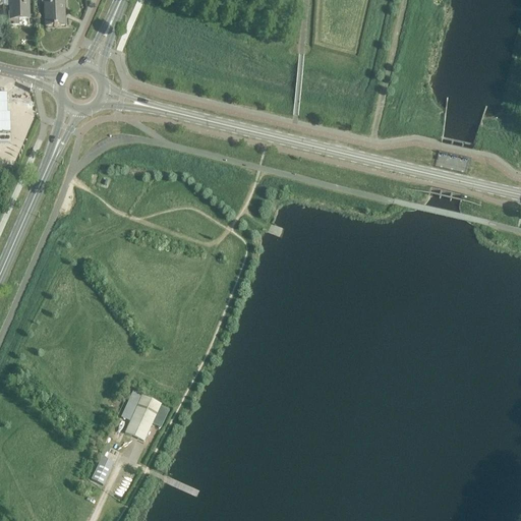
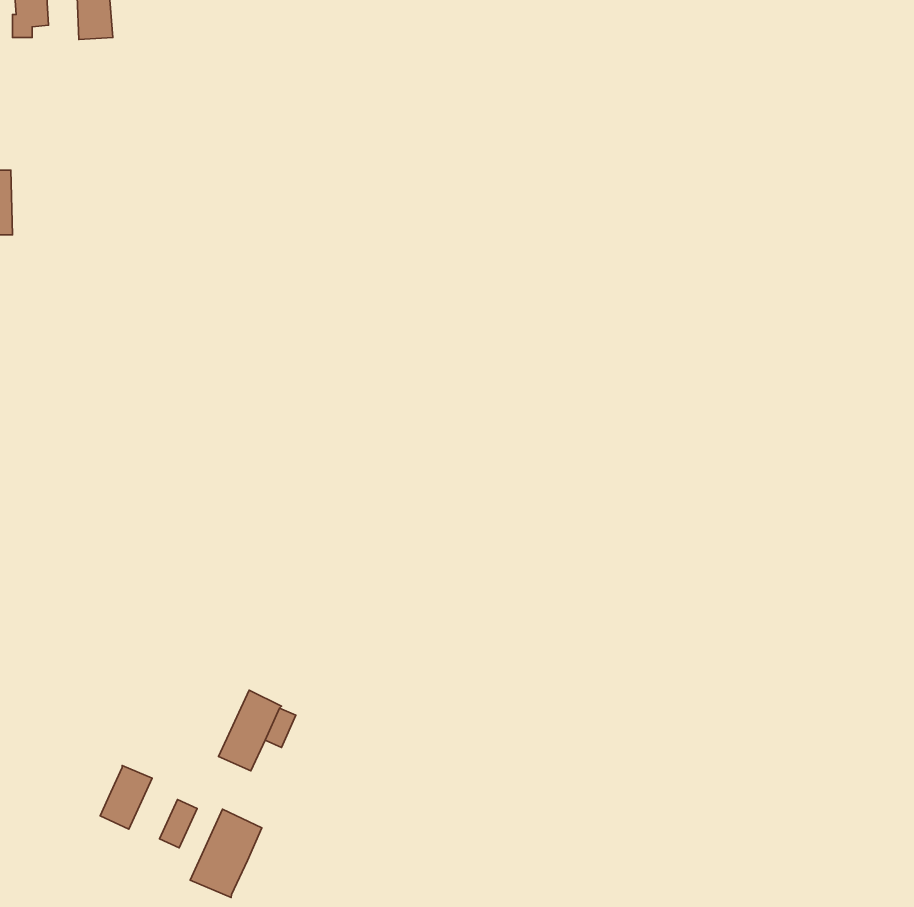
building: none -> [100,766,152,829]
building: none -> [190,809,262,897]

